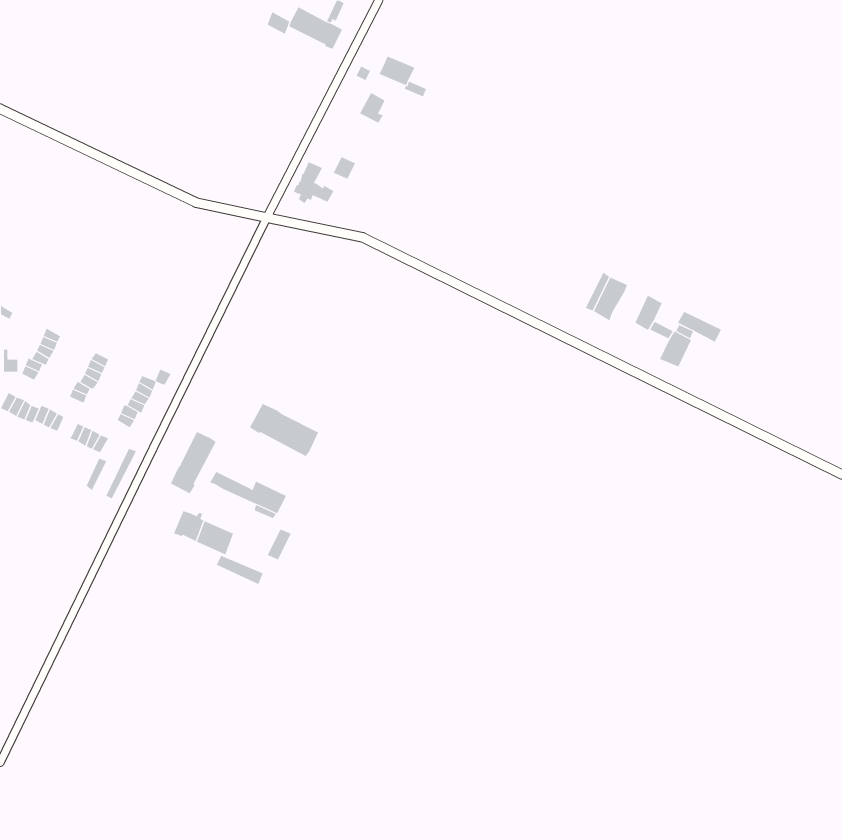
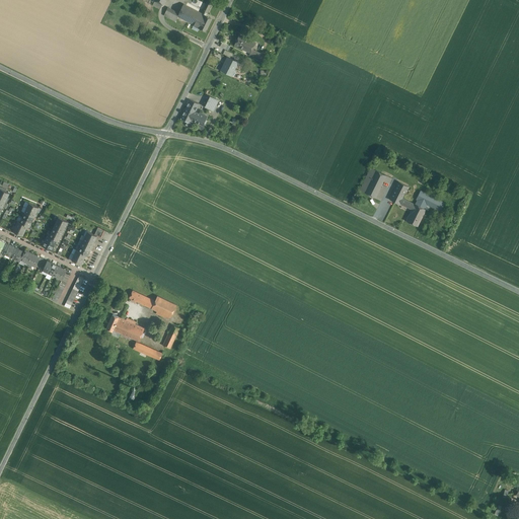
building: [249,403,319,457] -> none
building: [170,431,216,494] -> none

